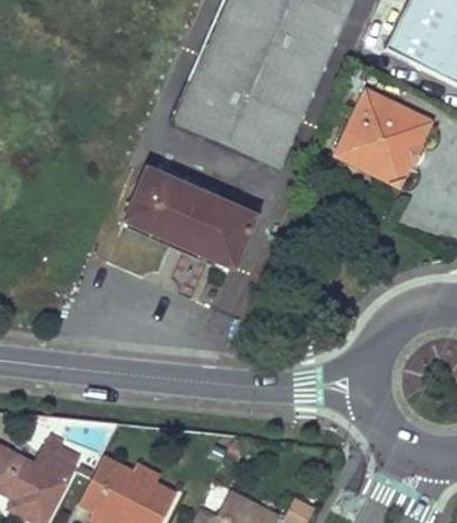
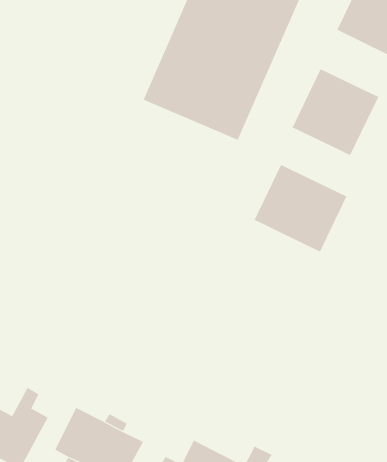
building: [128,169,265,272] -> none
building: none -> [254,164,347,252]

